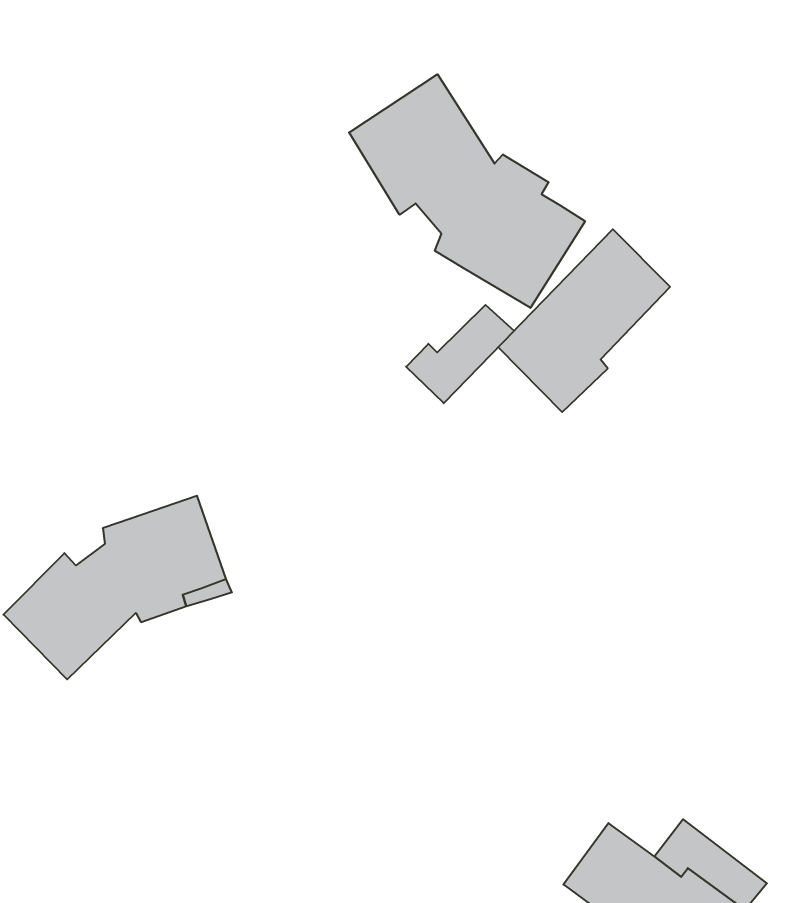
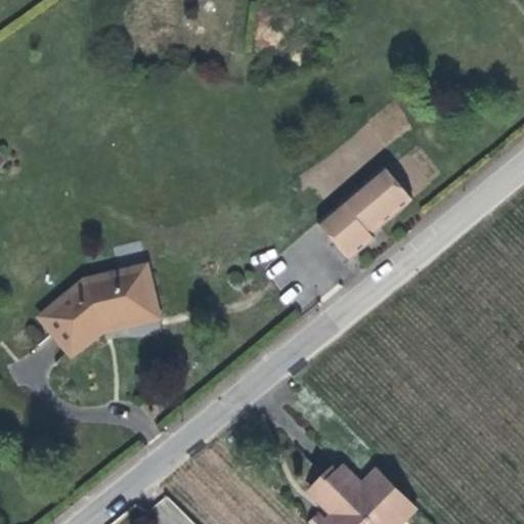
building: [349,74,585,308] -> none
building: [406,305,514,403] -> none

